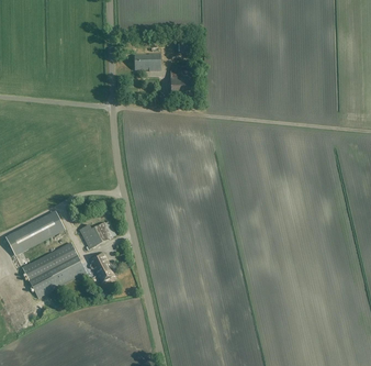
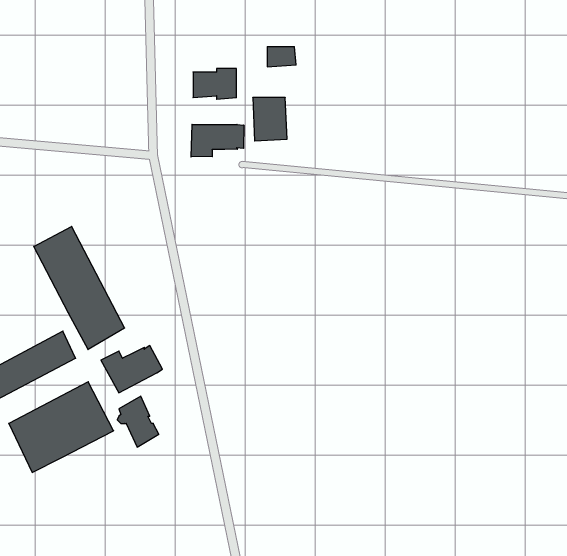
building: none -> [191,124,244,157]
building: none -> [34,226,125,350]

